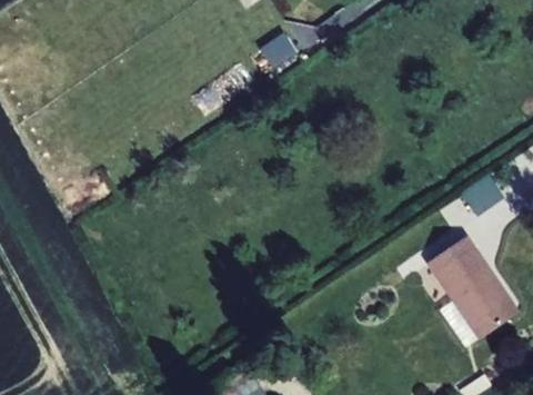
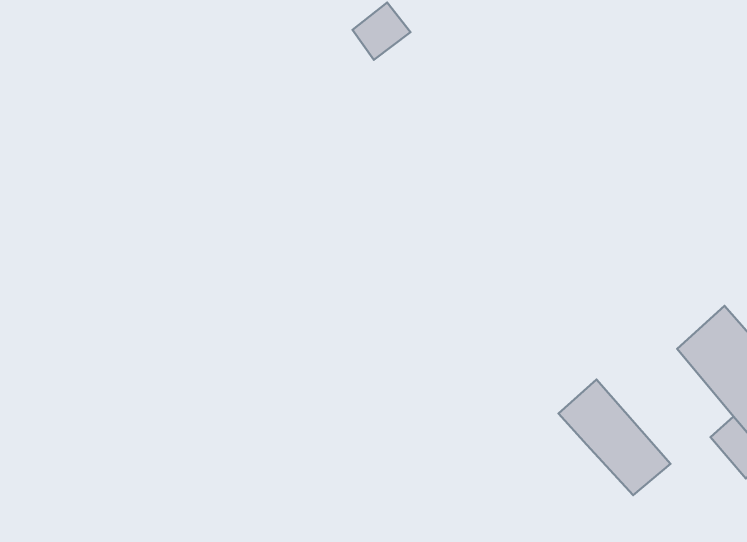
building: none -> [559,379,670,495]

